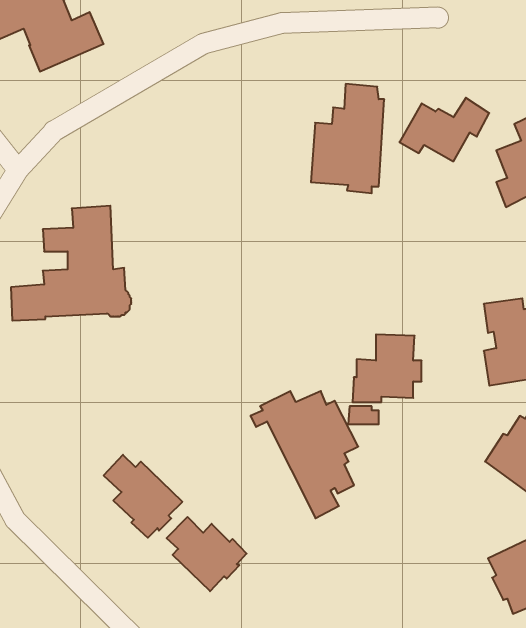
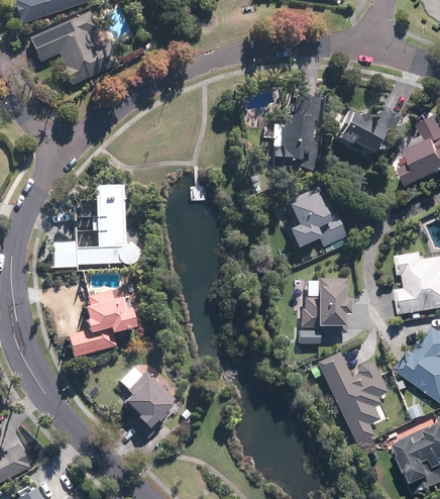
building: none -> [271,183,347,247]
building: none -> [69,290,139,357]
building: [250,391,358,518] -> [310,352,389,444]
building: [167,517,247,591] -> none

